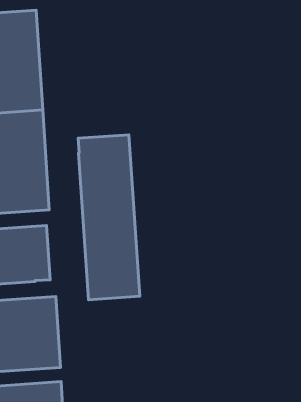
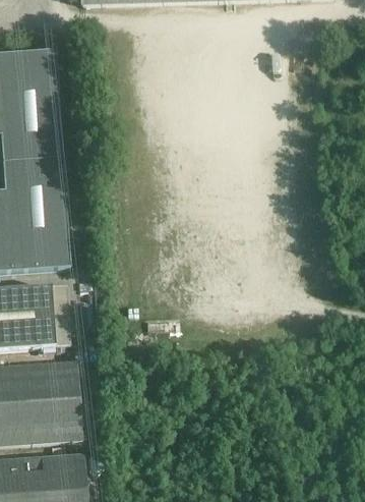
building: [78,135,140,300] -> none

